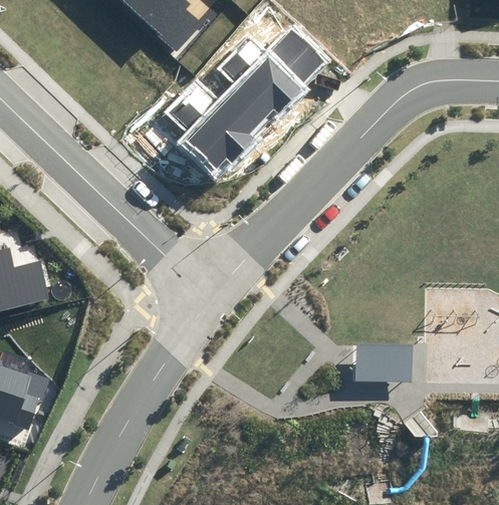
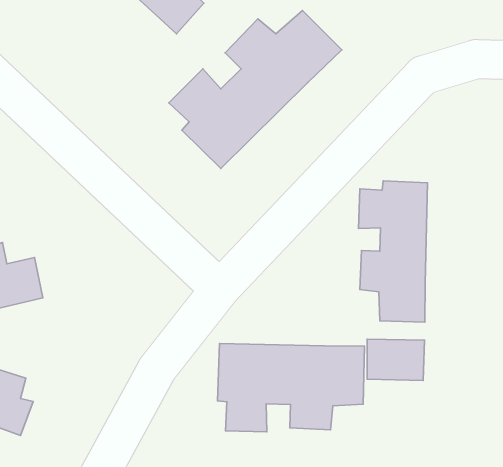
building: none -> [359,181,427,322]
building: none -> [217,344,365,432]

